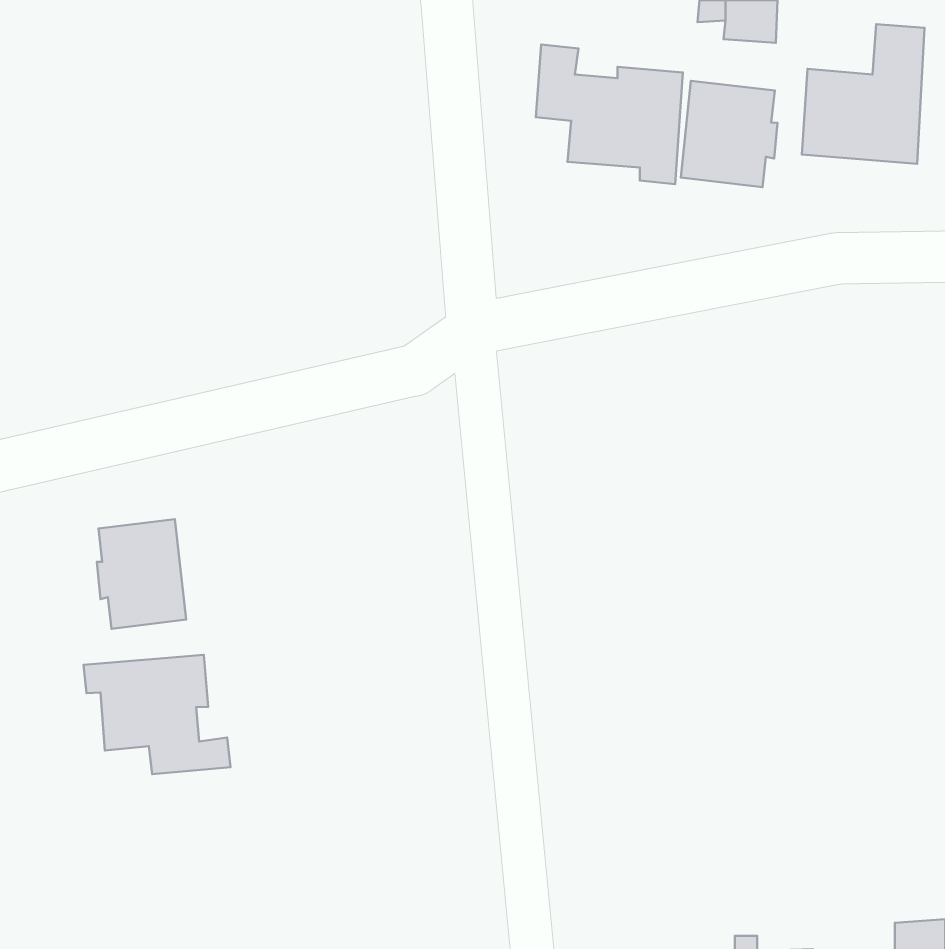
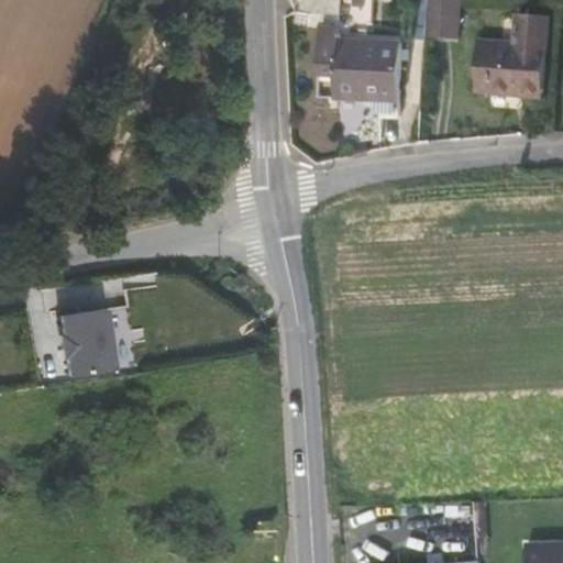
building: [681,81,777,187] -> none
building: [83,655,230,774] -> none

